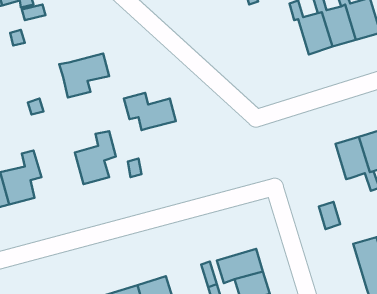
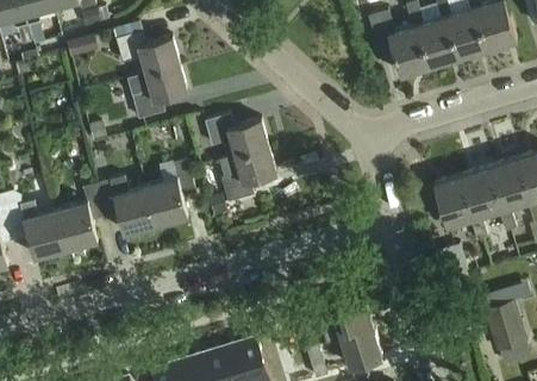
building: none -> [368,12,430,76]
building: none -> [113,23,180,77]
building: none -> [220,149,276,204]
building: none -> [433,176,486,242]
building: none -> [95,177,156,233]

